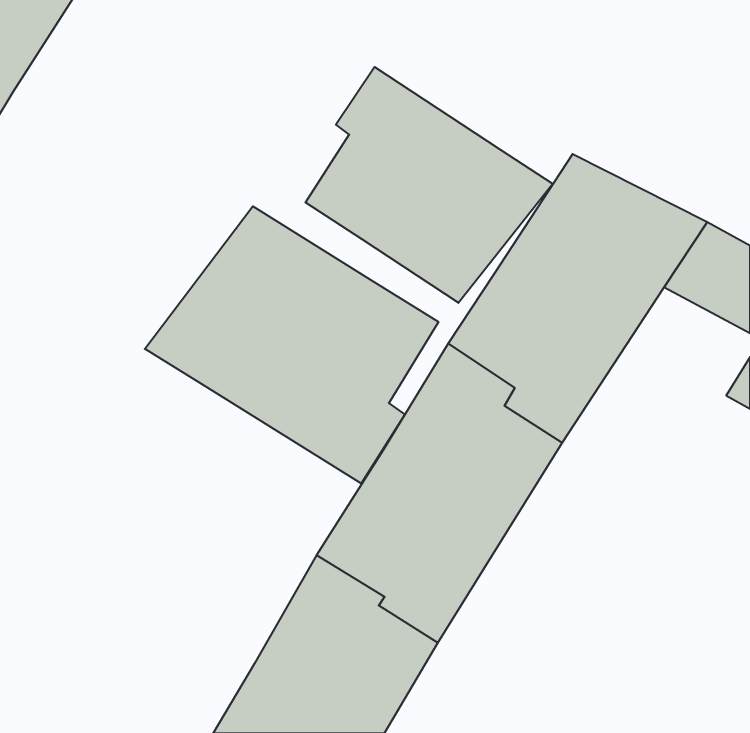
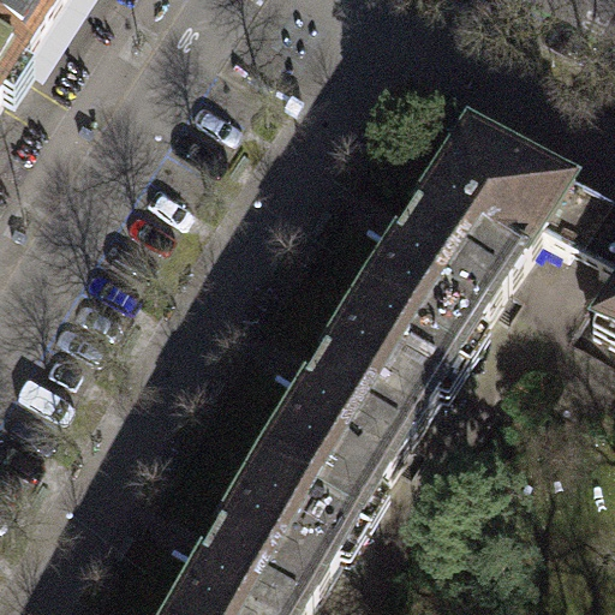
building: [305,67,553,303] -> none
building: [145,206,438,483] -> none

